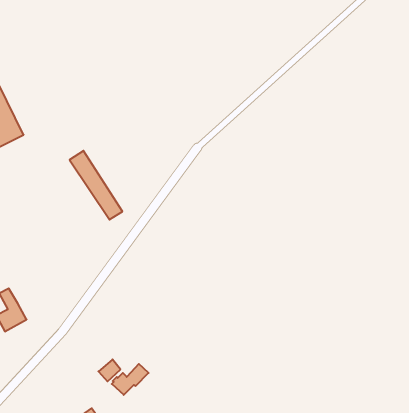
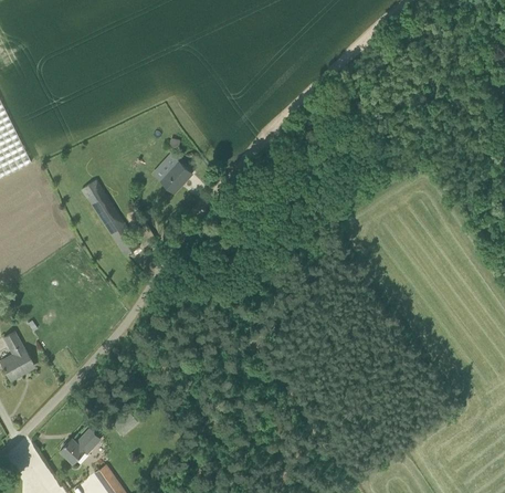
building: none -> [160,160,191,192]
building: [112,364,149,395] -> [60,428,101,462]

